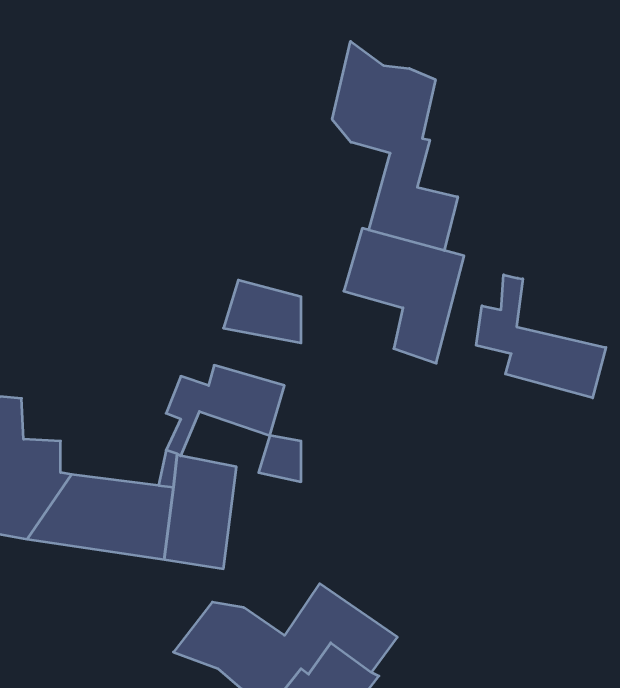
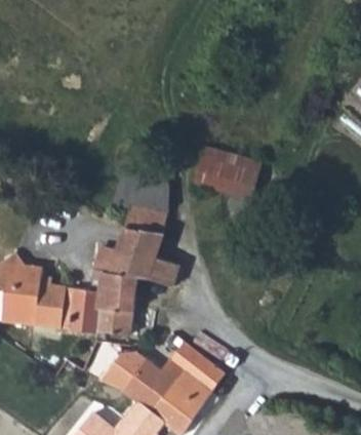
building: [332,41,458,251] -> none
building: [476,275,606,398] -> none
building: none -> [123,202,171,234]
building: none -> [105,248,154,282]

